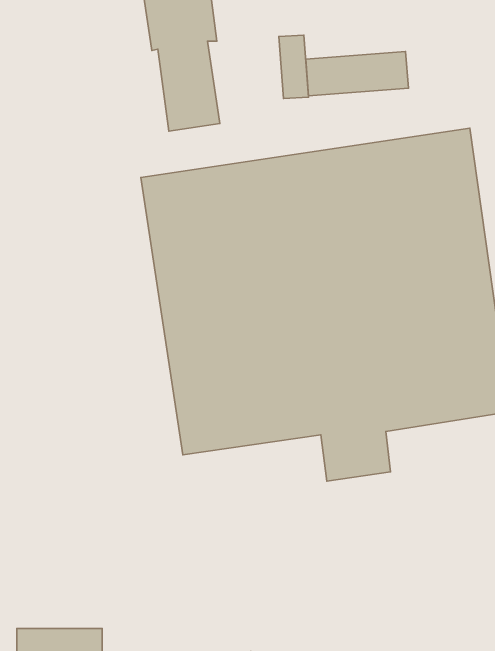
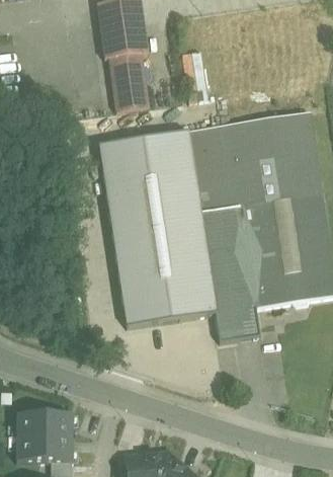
building: [306,52,408,96] -> none
building: none -> [17,413,73,436]

